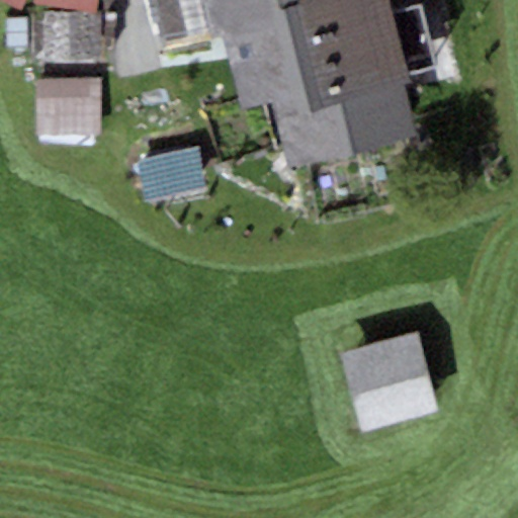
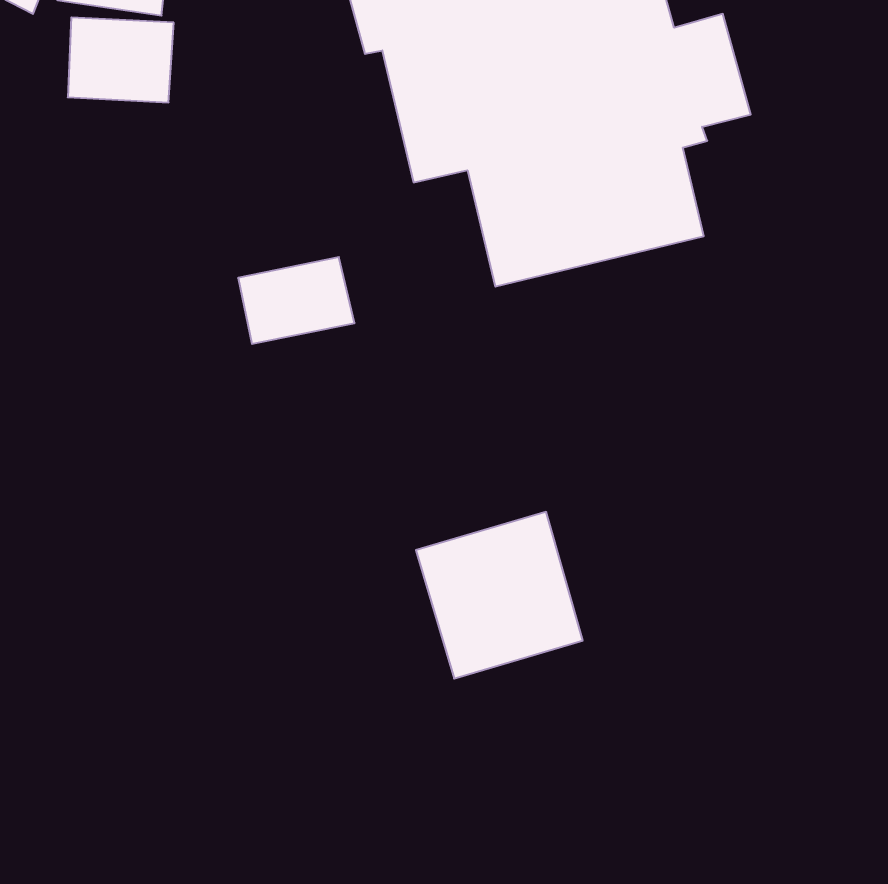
building: [33,76,102,135] -> none
building: [341,333,438,430] -> [416,512,583,679]

